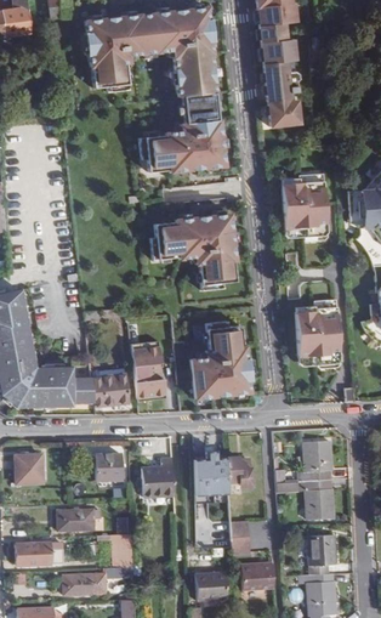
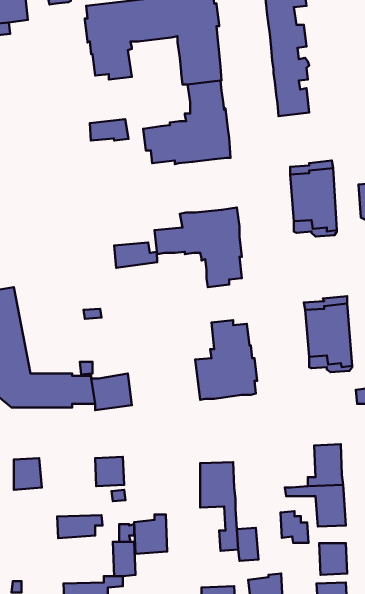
building: none -> [90,119,128,140]
building: none -> [114,243,157,268]
building: [130,339,166,395] -> none
building: [227,455,254,486] -> [281,511,309,543]
building: [142,460,174,498] -> [134,515,167,554]
building: [16,542,64,563] -> none

